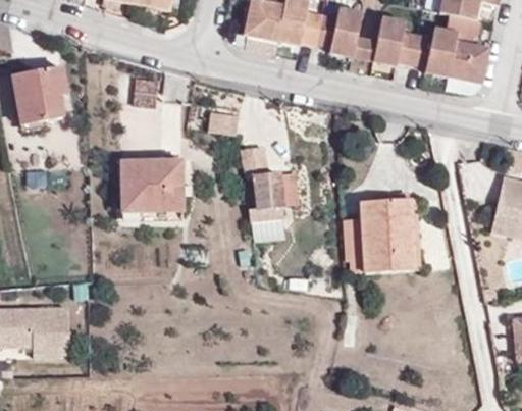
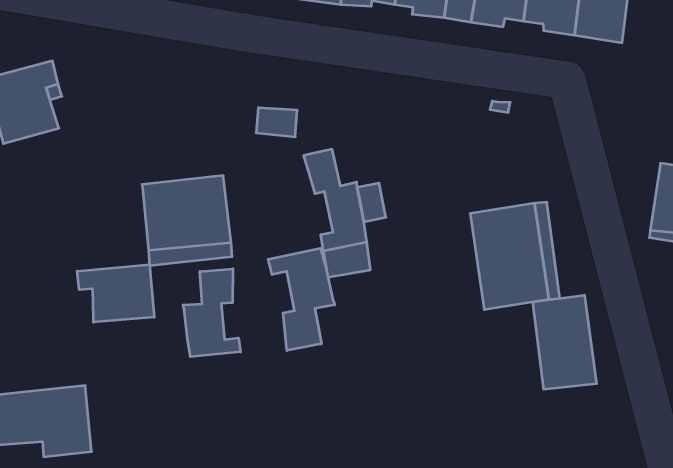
building: none -> [268,248,335,351]
building: none -> [77,264,154,322]
building: none -> [183,269,241,357]
building: none -> [533,295,597,389]

